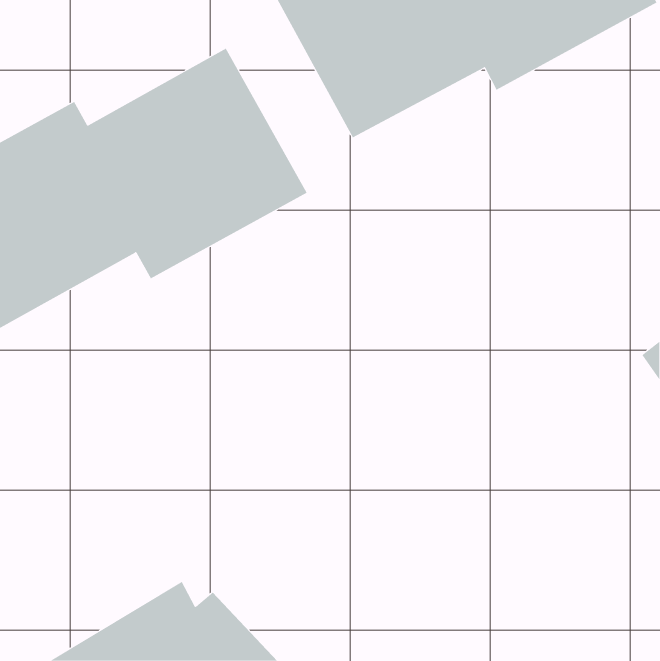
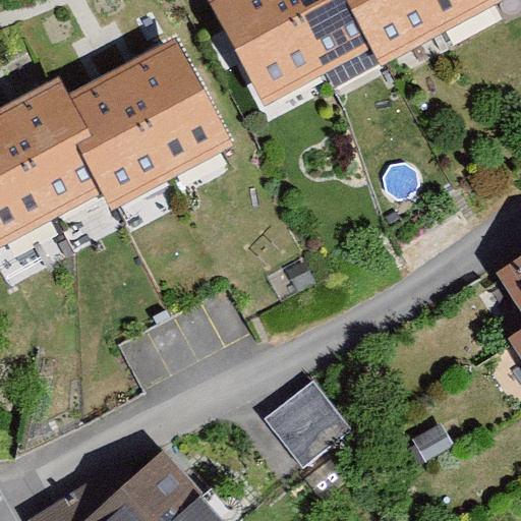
building: none -> [259,382,349,471]

